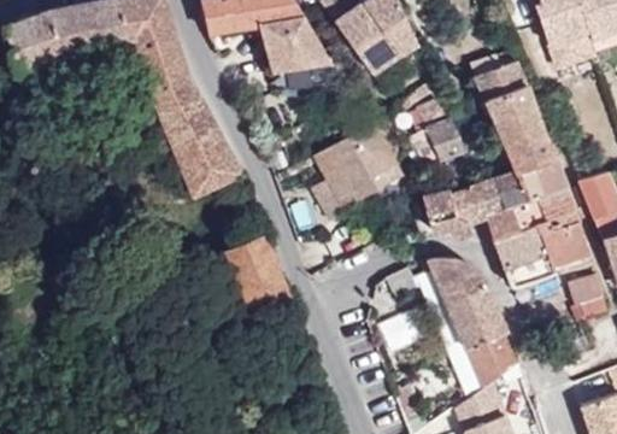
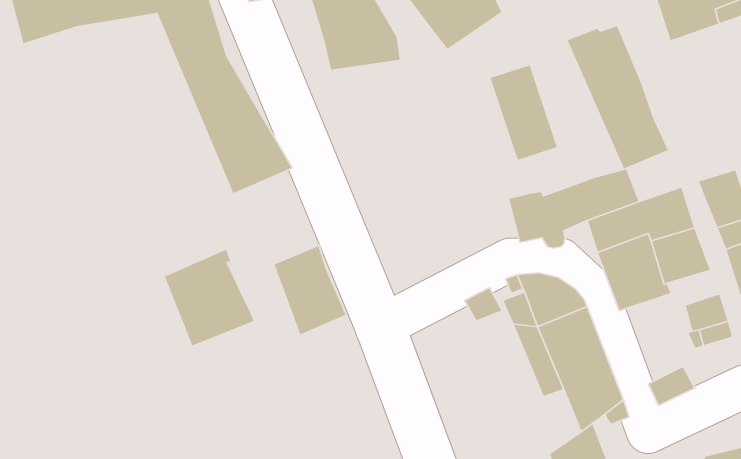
building: [311,121,398,221] -> none
building: [519,154,565,197] -> none
building: none -> [164,249,254,347]

